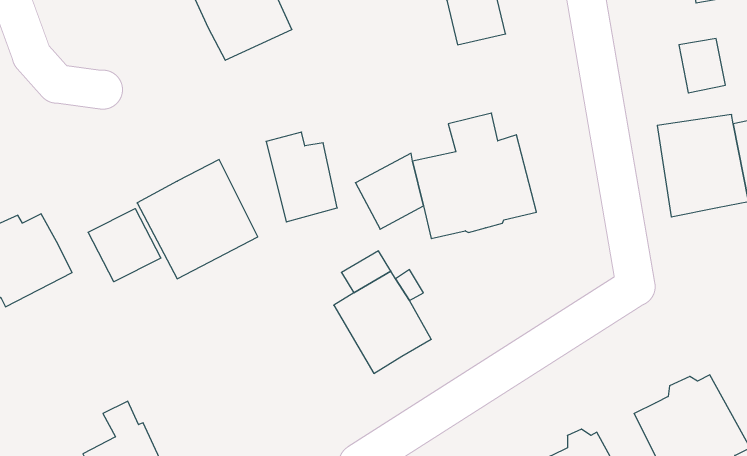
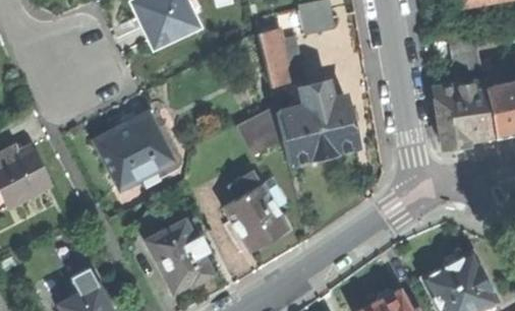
building: [266,132,337,222] -> [258,28,304,87]
building: [88,209,161,282] -> none
building: none -> [146,221,210,290]

